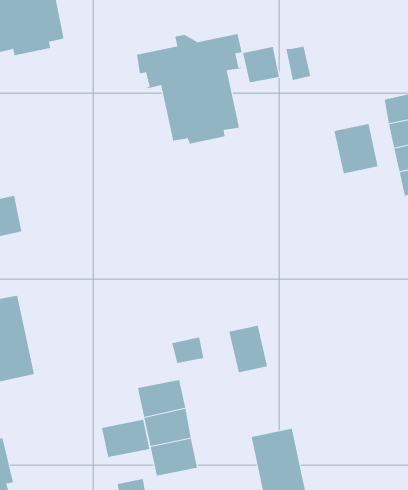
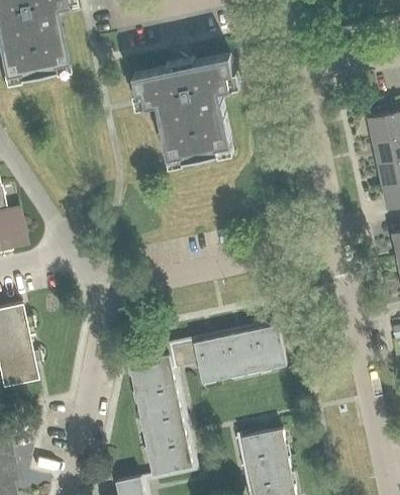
building: [286,46,311,81] -> none
building: [242,46,280,83] -> none
building: [334,123,378,174] -> none
building: none -> [249,325,287,371]
building: none -> [194,337,230,383]
building: [101,419,150,458] -> [128,355,175,391]

